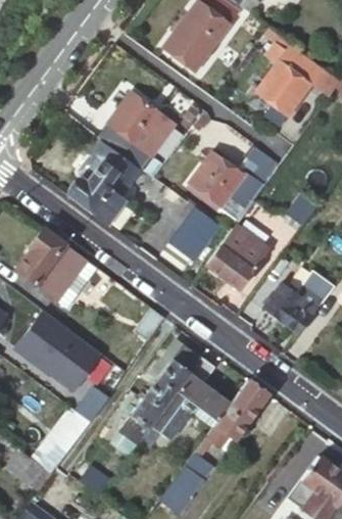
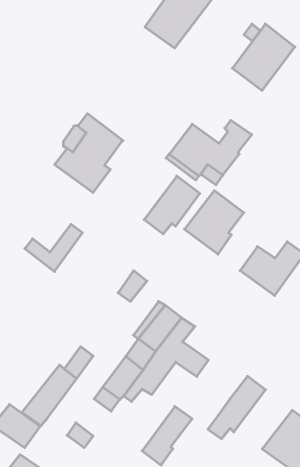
building: [98,92,176,169] -> none
building: [16,228,85,288] -> none
building: [16,312,102,391] -> none
building: [207,379,268,445] -> [208,376,266,439]

